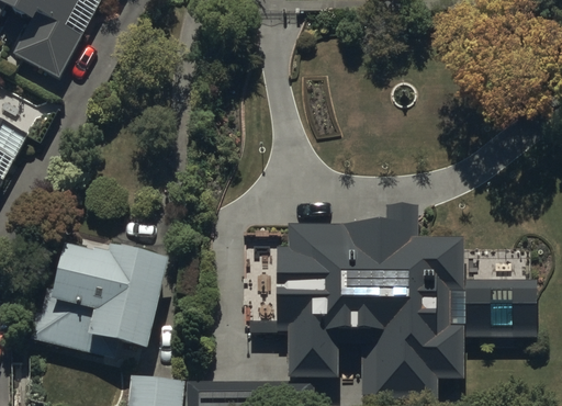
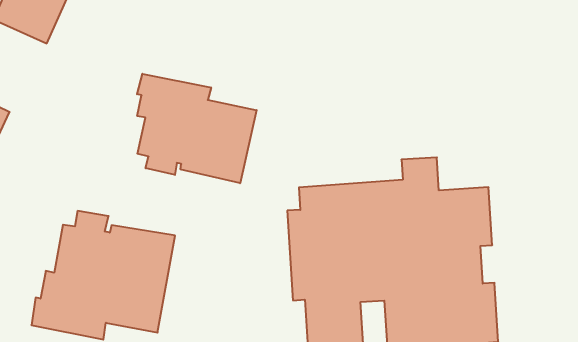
building: none -> [137,74,257,183]
building: [464,278,535,337] -> none

